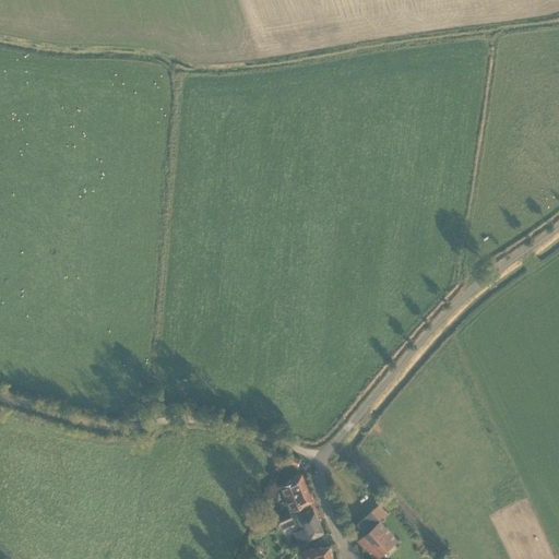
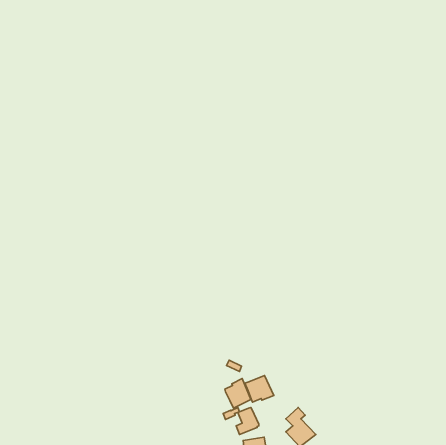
building: none -> [245,376,274,402]

